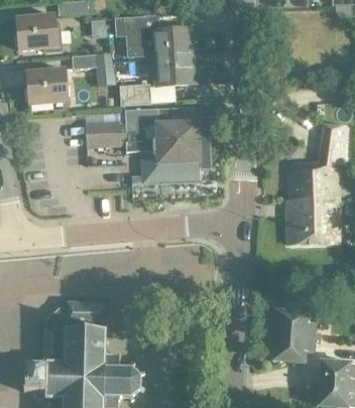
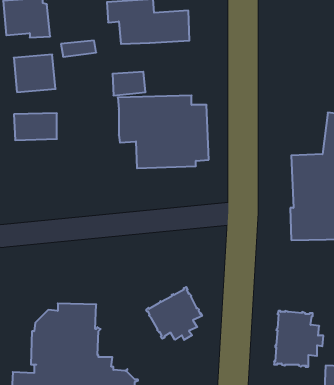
building: [154,55,194,86] -> none
building: [85,120,125,145] -> [14,113,57,140]
building: none -> [146,287,202,340]

